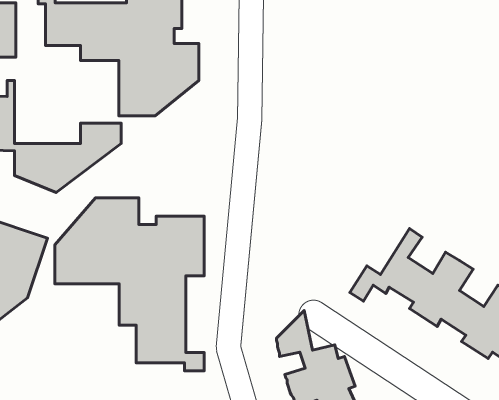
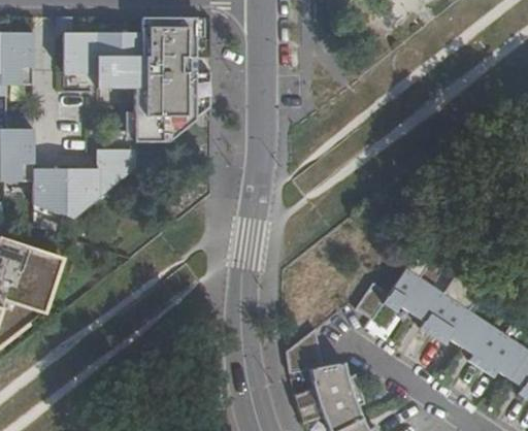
building: [55,198,204,371] -> none

